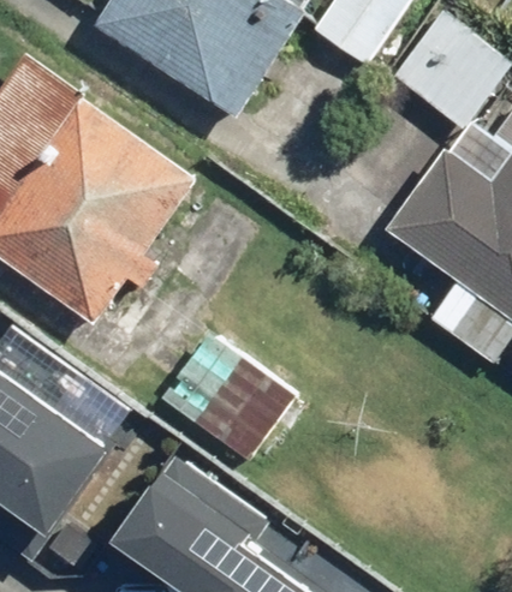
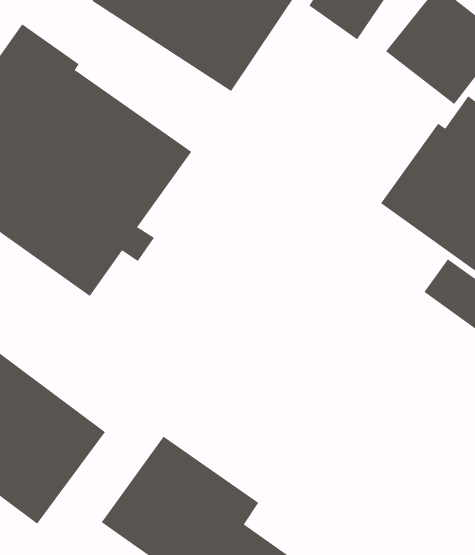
building: [166,331,297,458] -> none

